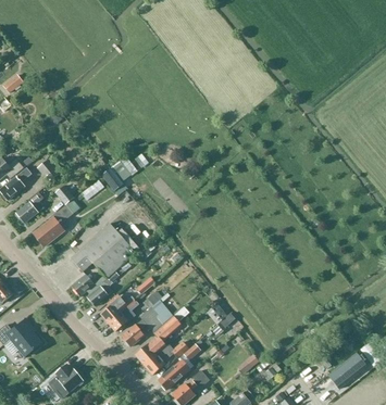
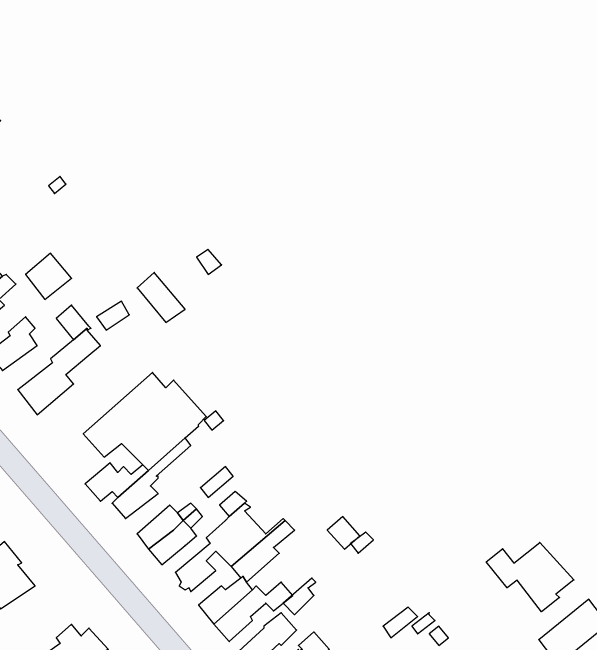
building: none -> [486,542,574,612]

